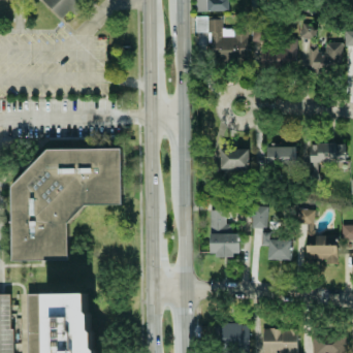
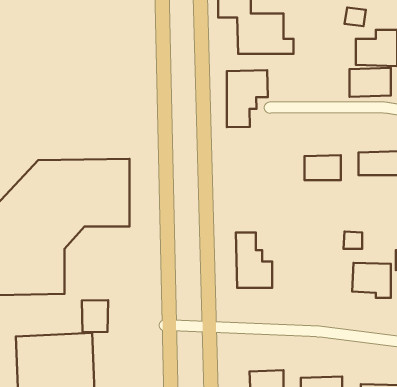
building: [262,42,296,66] -> [350,68,391,97]
building: none -> [227,70,268,127]
building: [220,149,249,170] -> none
building: [252,204,292,260] -> none
building: none -> [82,300,108,332]

